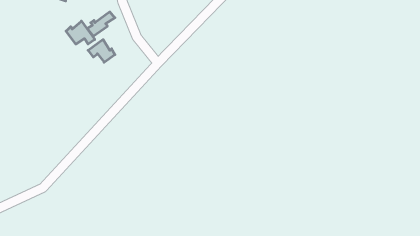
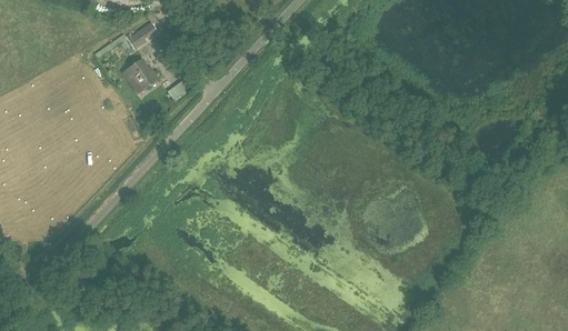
building: [66,21,95,44] -> none

